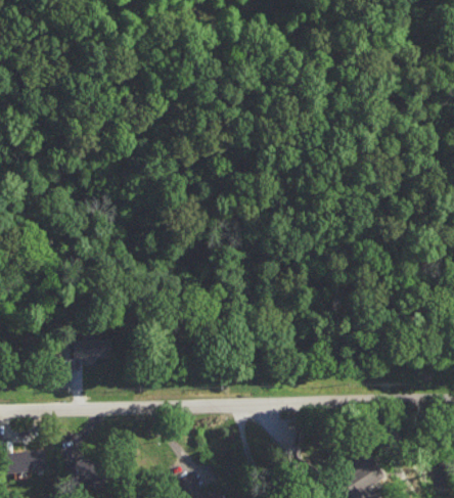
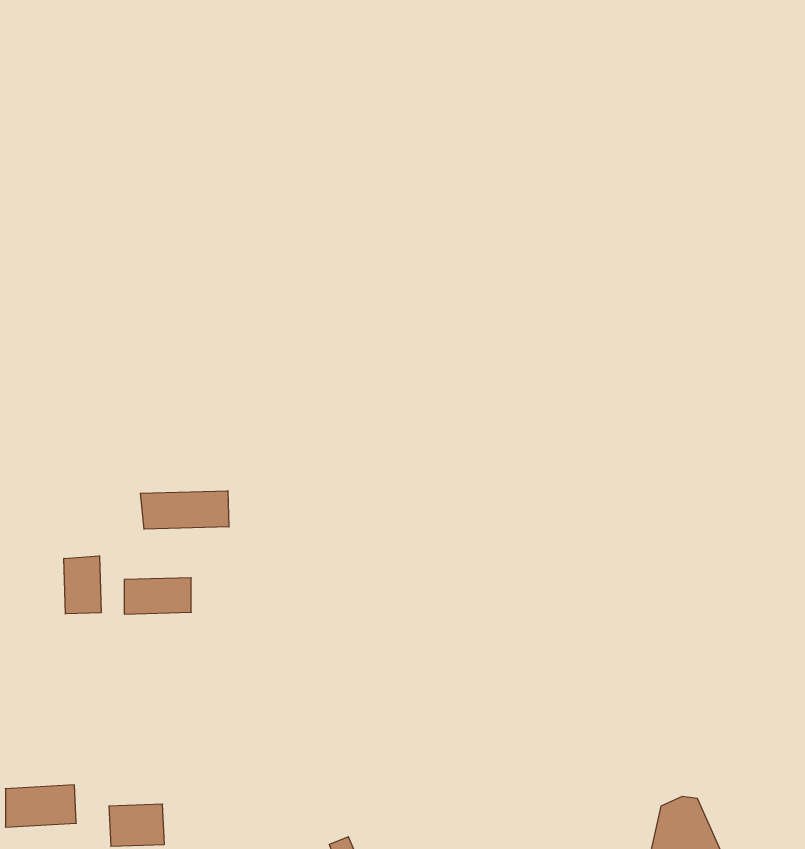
building: none -> [140,491,229,529]
building: none -> [64,556,101,614]

